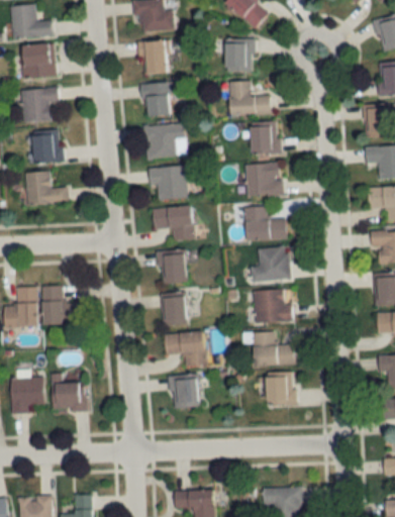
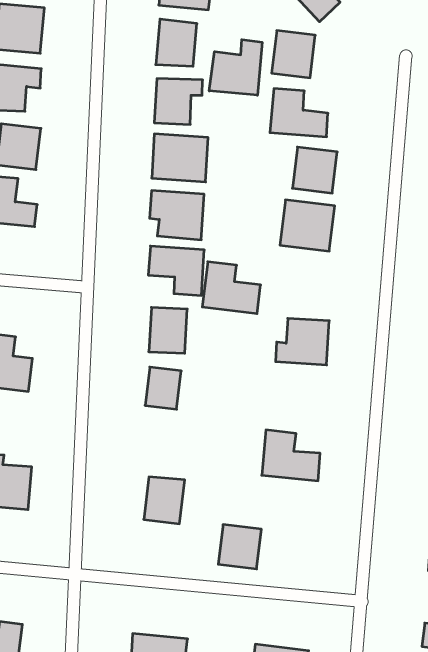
building: none -> [209,40,262,95]
building: [244,206,285,239] -> [202,262,261,314]
building: [255,289,292,322] -> none
building: [164,331,205,366] -> none
building: [266,375,294,404] -> [218,525,261,569]

